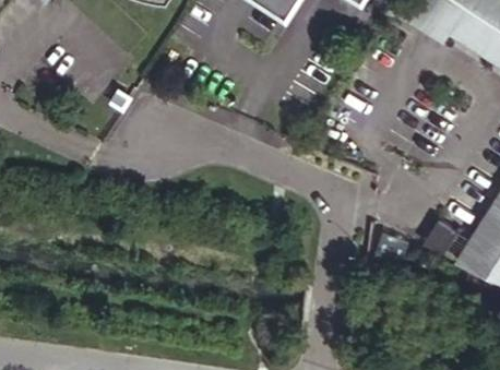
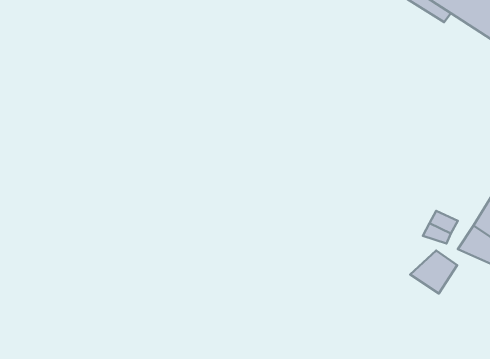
building: none -> [410,250,457,293]

